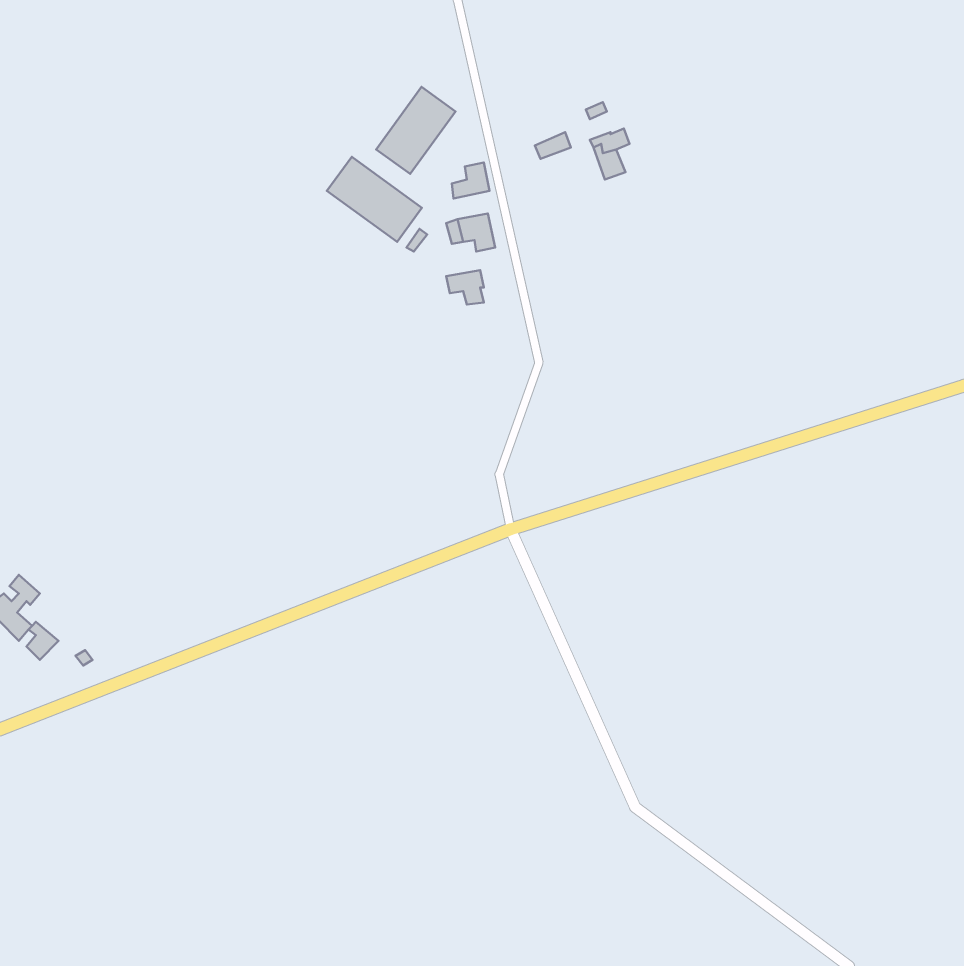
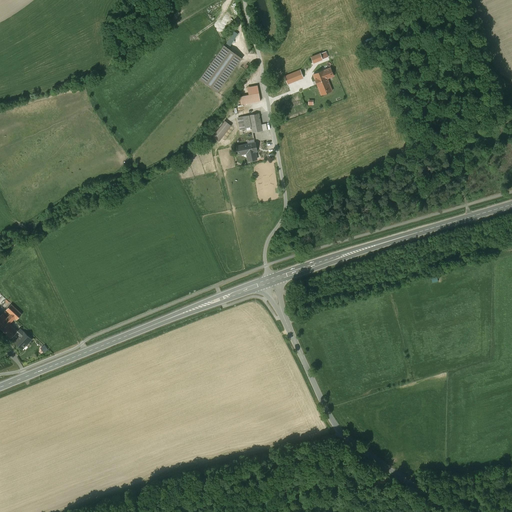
building: [327,157,422,242] -> none

